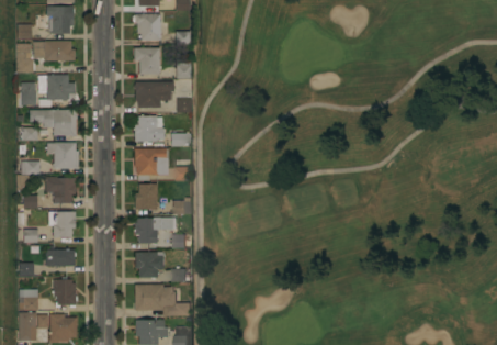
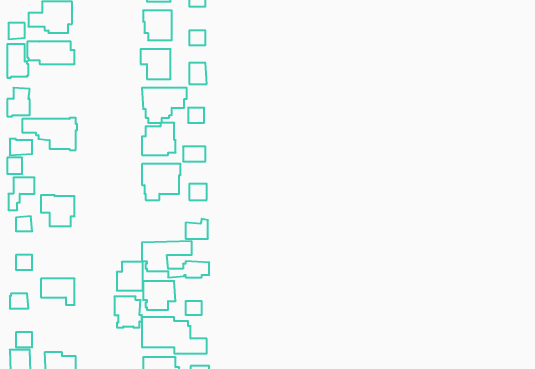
building: [37,75,75,107] -> none
building: [46,142,78,168] -> none
building: [134,183,157,209] -> [117,262,143,291]
building: [48,211,75,237] -> none
building: [53,279,77,307] -> [114,296,142,328]

